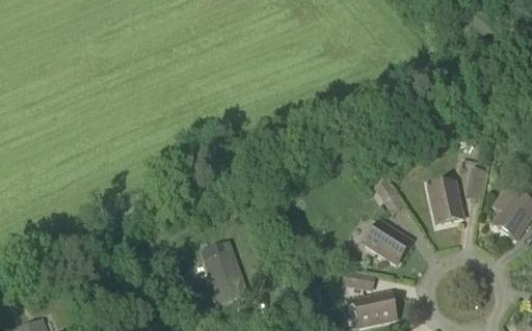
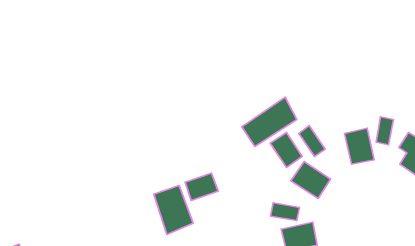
building: none -> [242,97,297,146]
building: none -> [270,132,302,168]
building: none -> [185,173,218,200]

